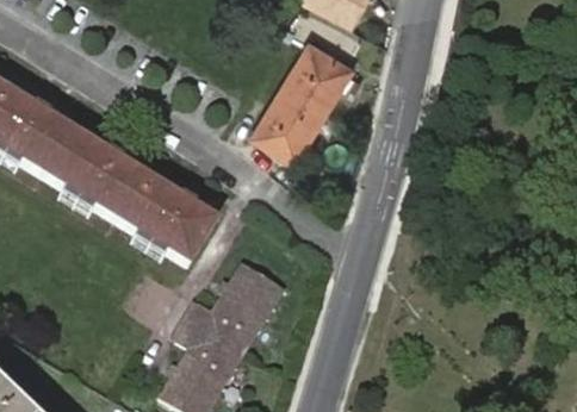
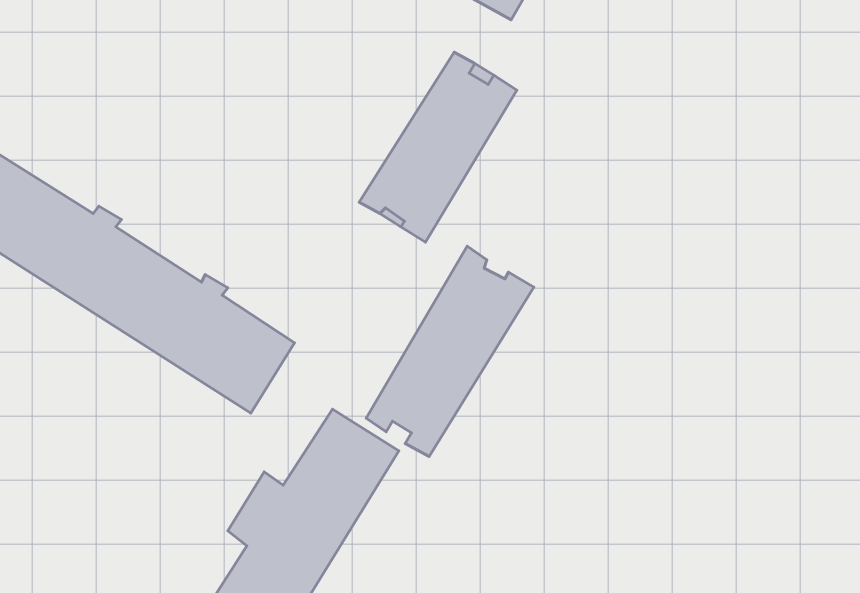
building: none -> [366,246,534,457]

